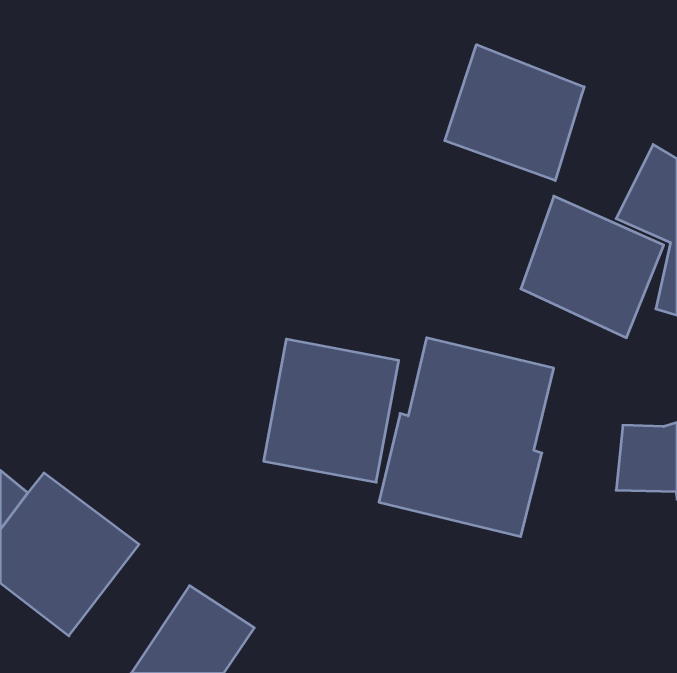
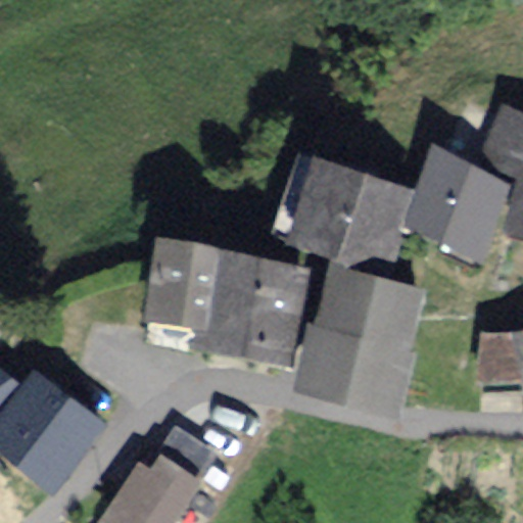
building: [445,45,584,181] -> none
building: none -> [286,153,415,266]
building: none -> [141,263,213,344]

